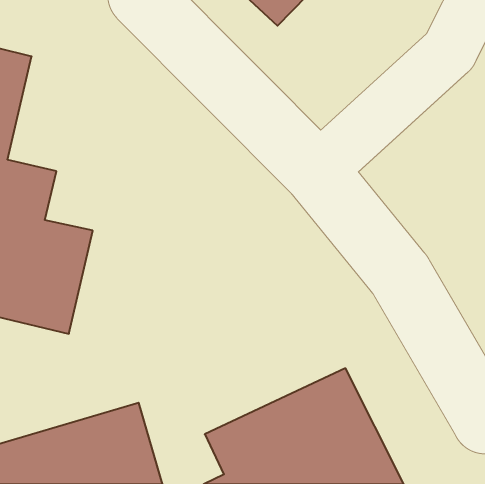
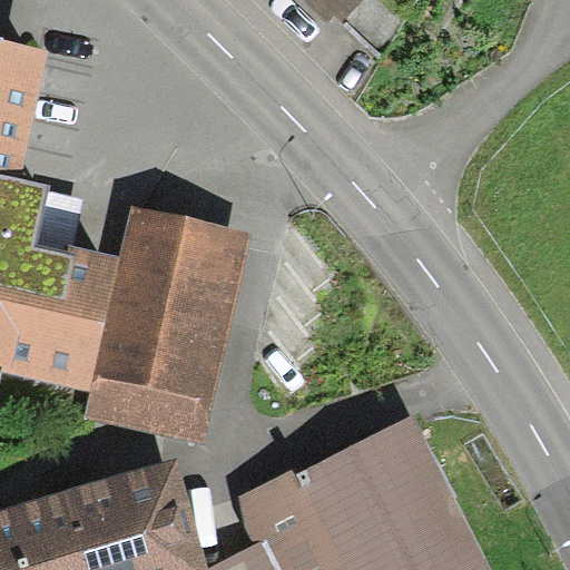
building: none -> [87,215,250,430]

